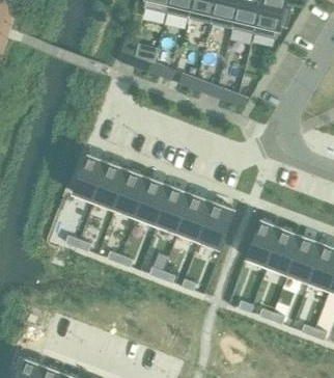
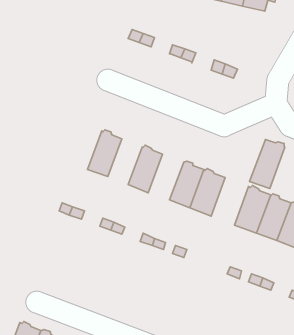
building: [73,154,109,201] -> none
building: [115,169,150,217] -> none
building: none -> [250,139,285,189]
building: [157,185,193,233] -> none

